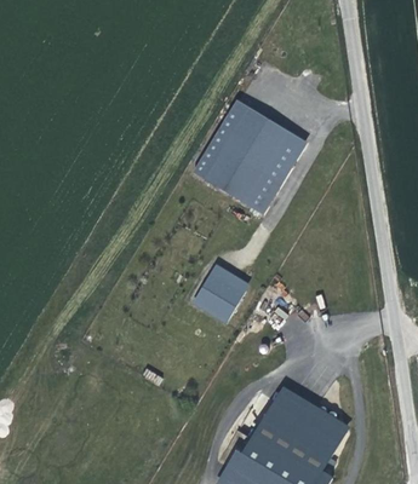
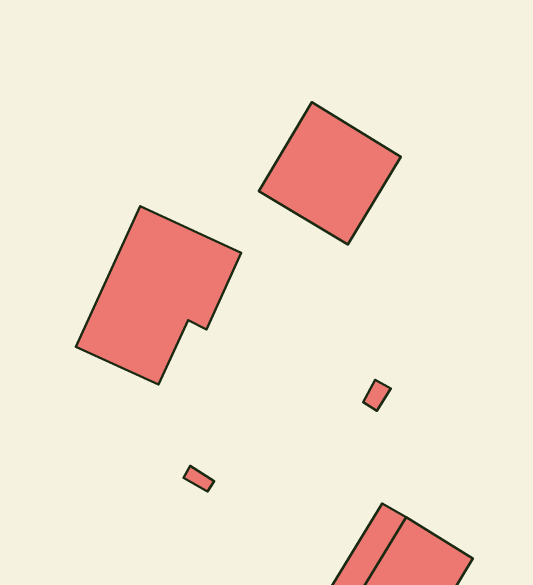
building: none -> [76,206,241,385]
building: [191,261,248,321] -> none

